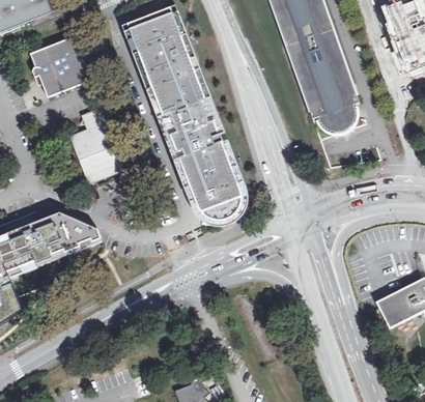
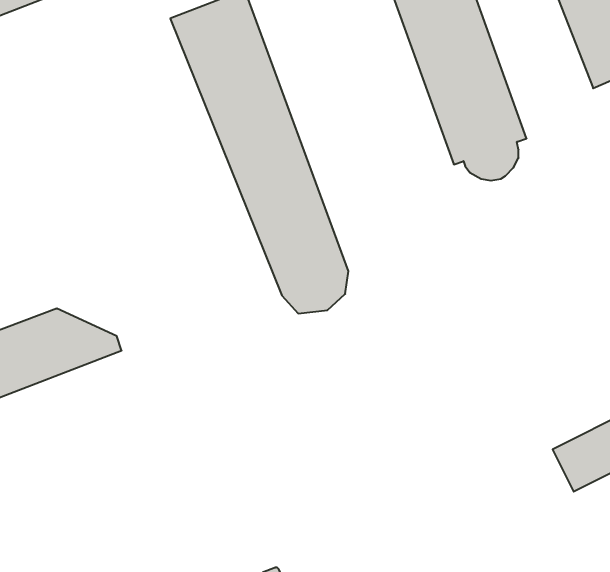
building: [27,36,89,97] -> none
building: [67,107,122,184] -> none

